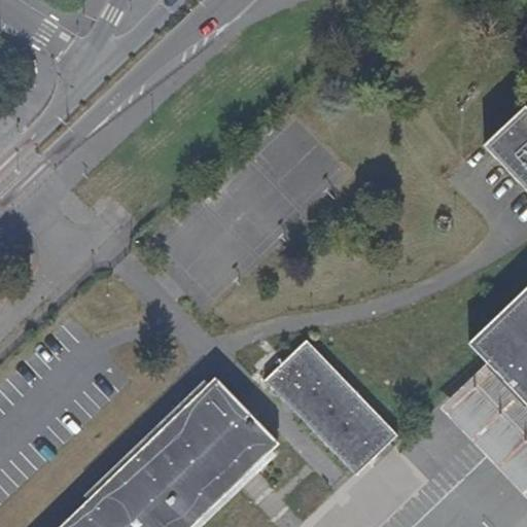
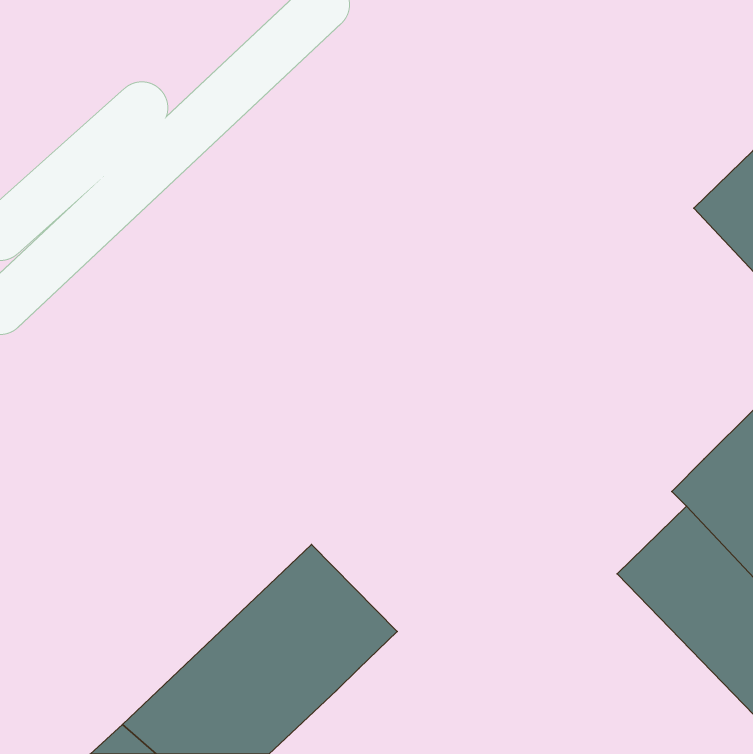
building: [266,341,398,476] -> none

